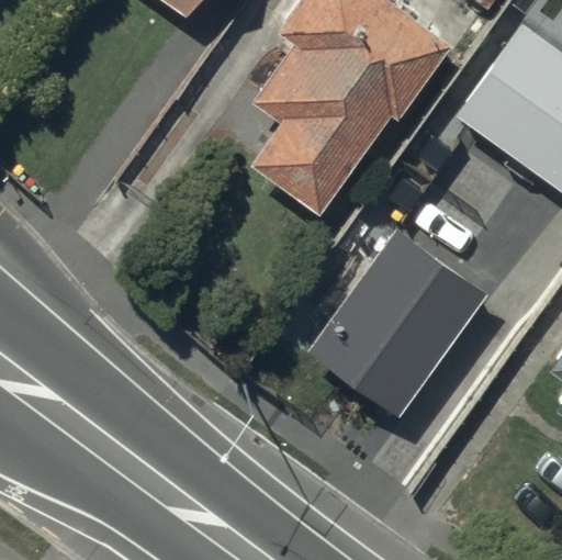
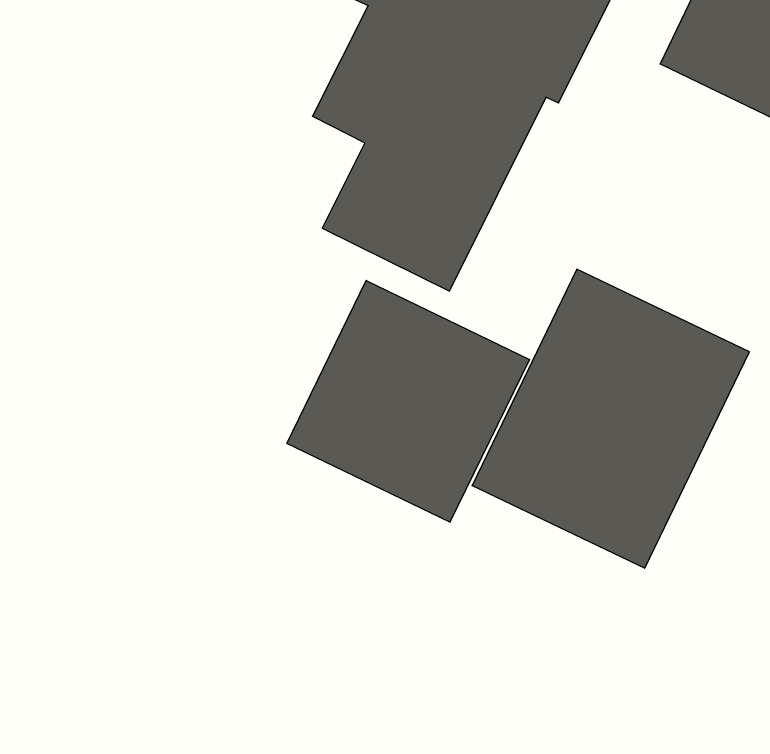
building: none -> [287,280,529,522]

